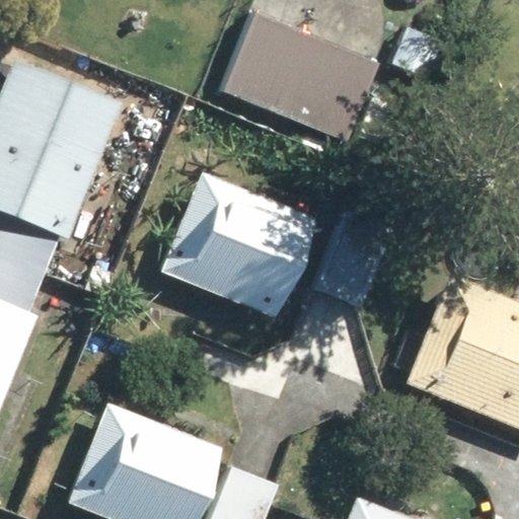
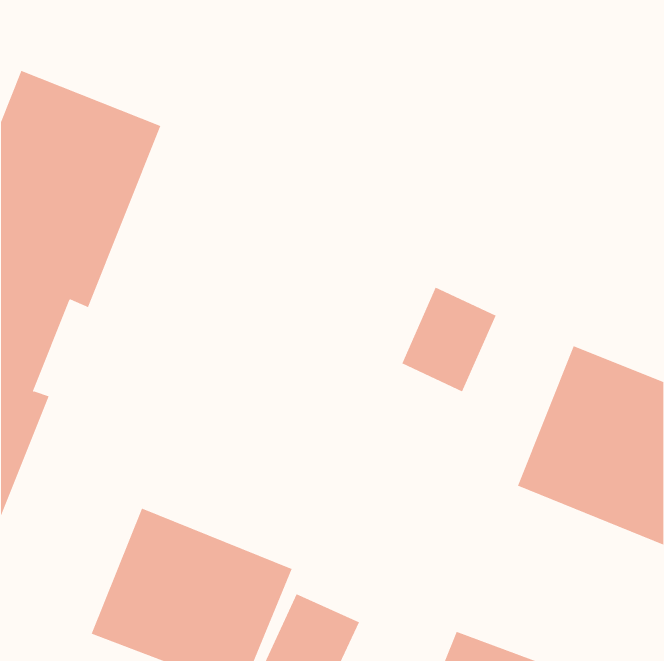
building: [224,15,378,146] -> none
building: [160,175,320,321] -> none

